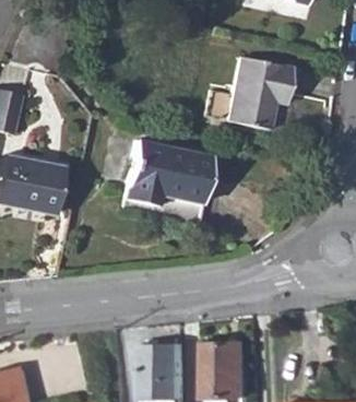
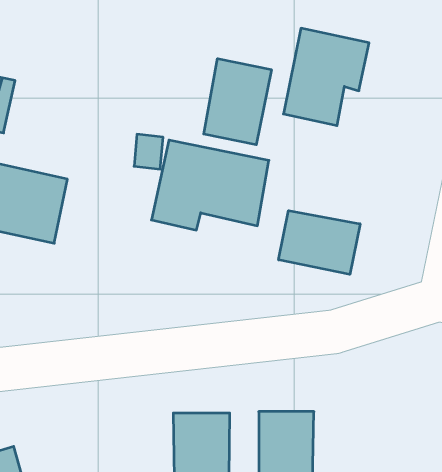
building: none -> [204,59,271,145]
building: none -> [279,211,360,274]

